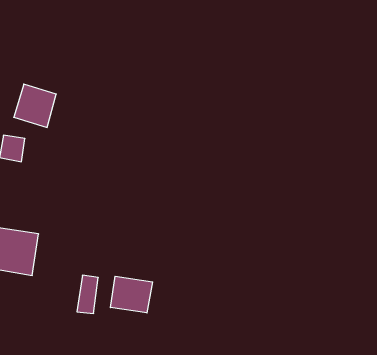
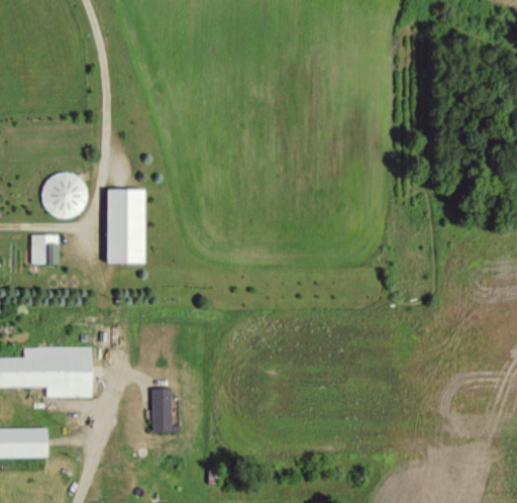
building: none -> [105,190,143,264]
building: [110,276,153,313] -> none

